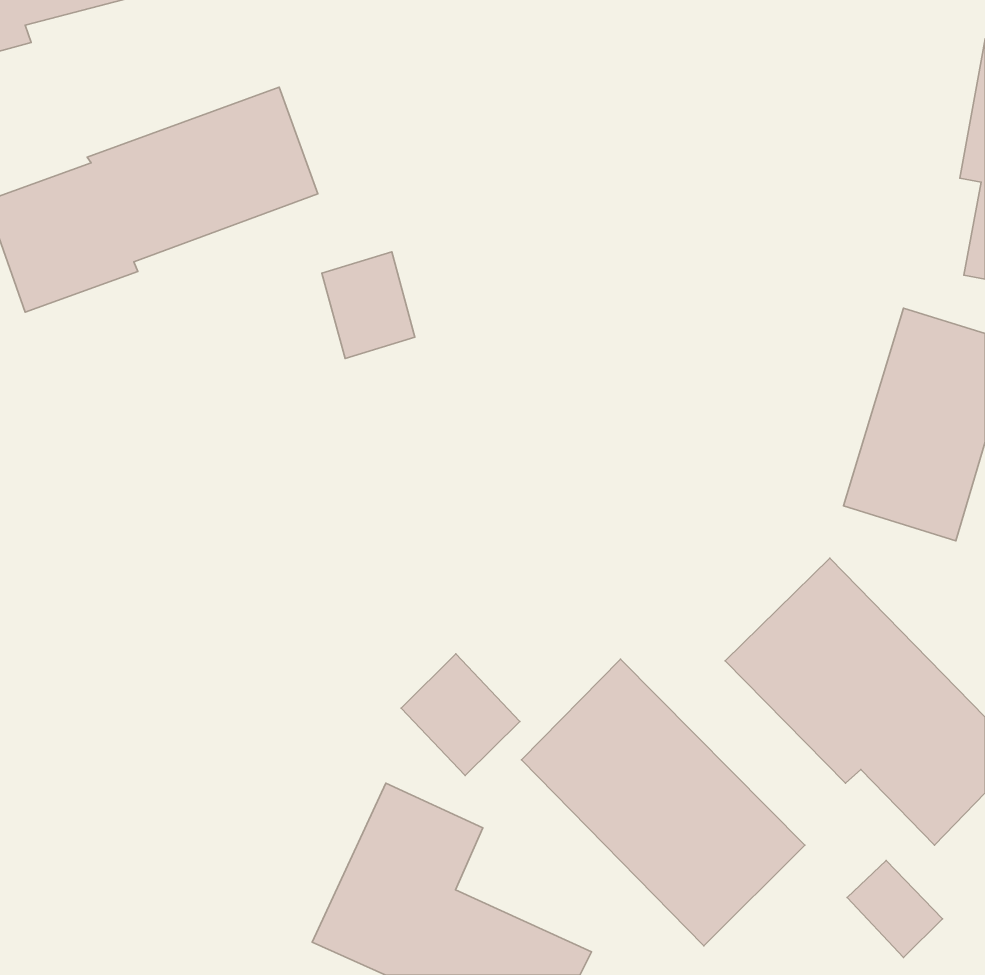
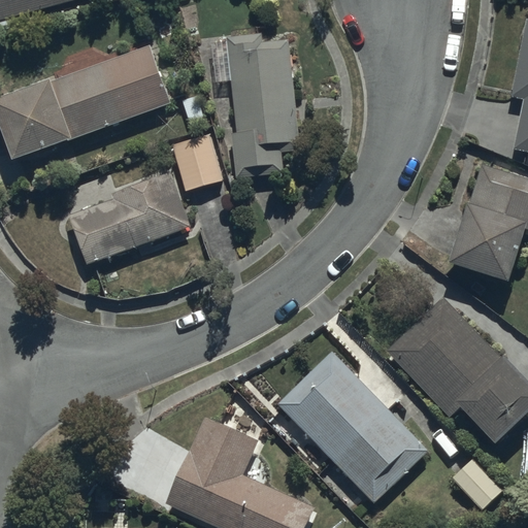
building: none -> [214,33,298,176]
building: none -> [68,172,190,263]
building: [401,654,520,776] -> none

